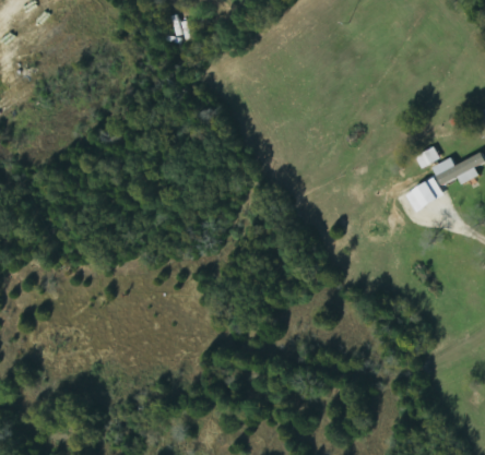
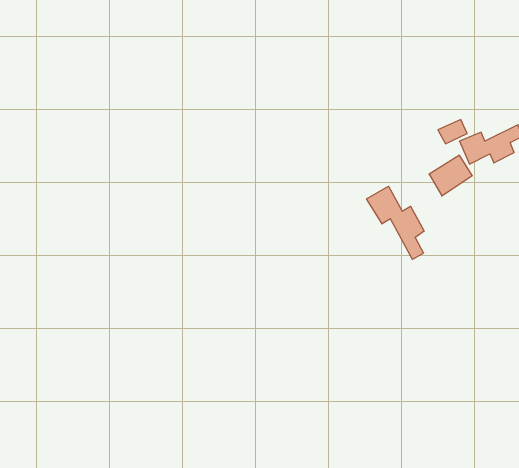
building: none -> [367,186,424,259]

